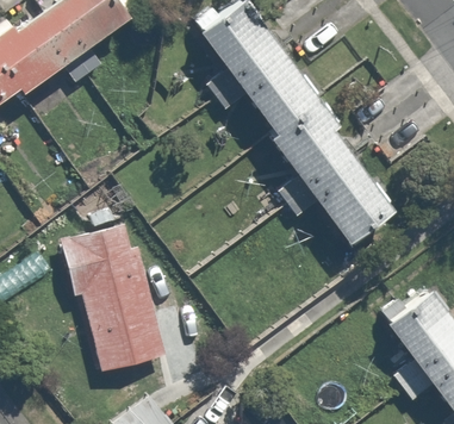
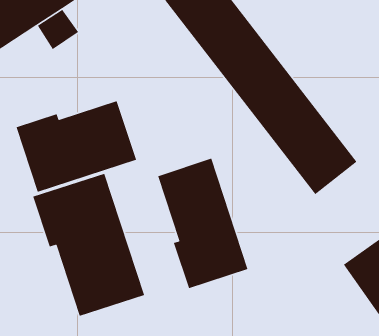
building: none -> [15,100,137,193]
building: none -> [157,158,248,289]

